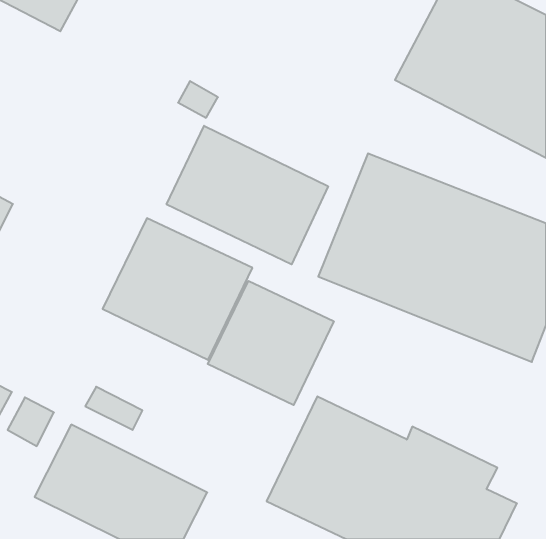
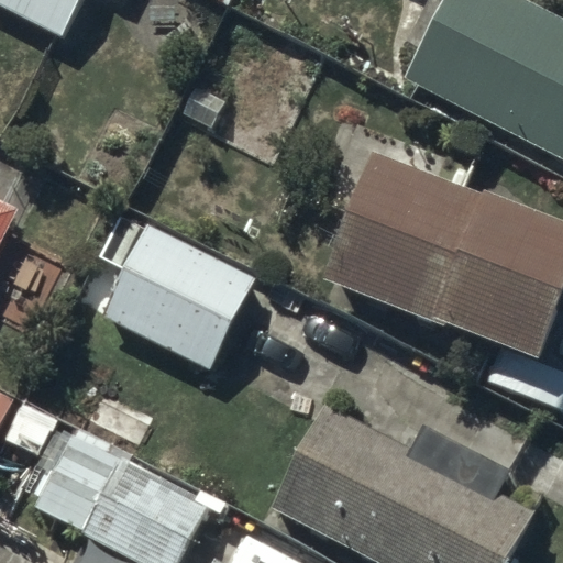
building: [167,126,328,264] -> none
building: [208,281,334,405] -> none

